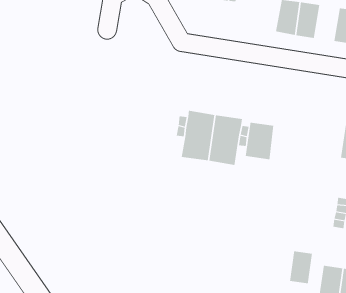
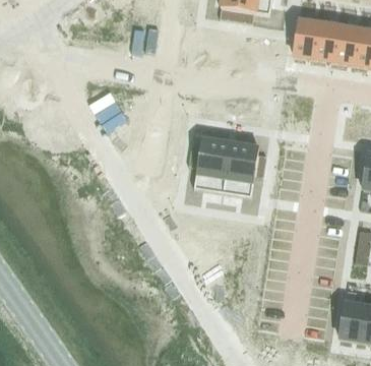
building: none -> [335,24,362,63]
building: [245,122,274,160] -> none
building: [289,250,313,284] -> none

